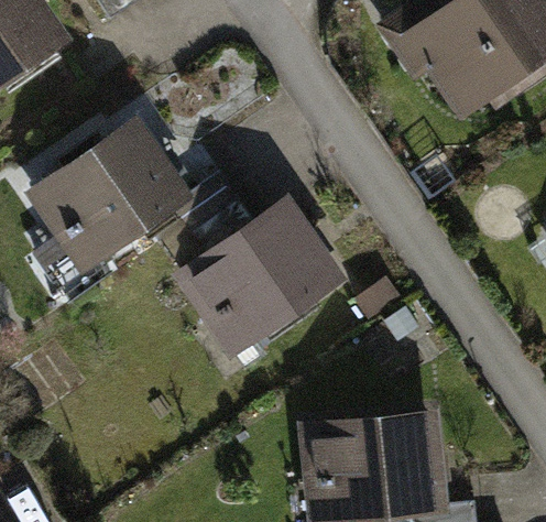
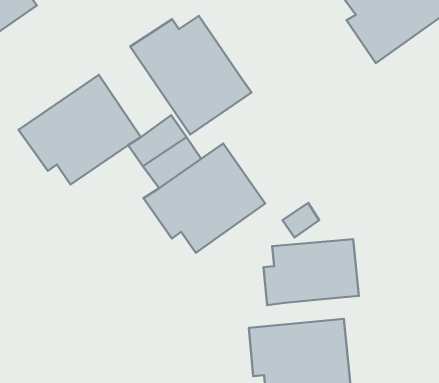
building: none -> [130,16,252,135]
building: none -> [264,239,359,305]

